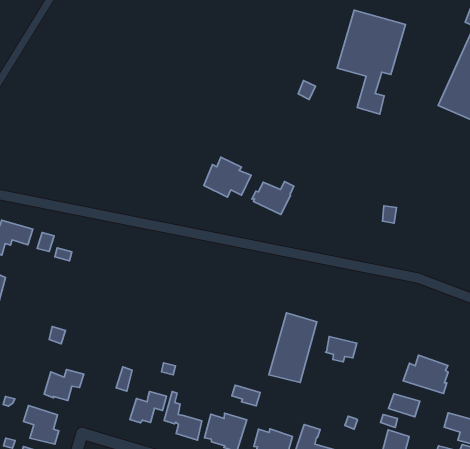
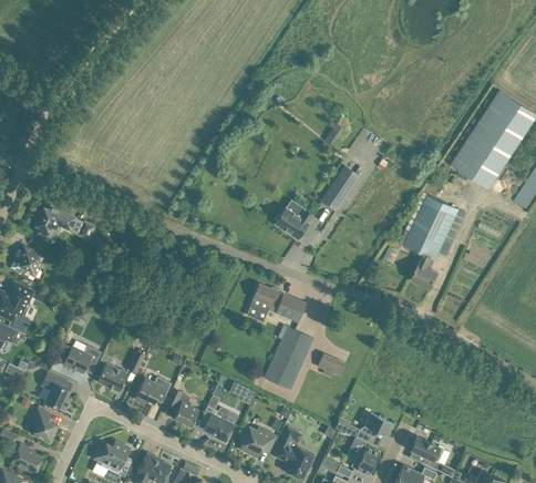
building: [337,10,406,114] -> [400,193,466,288]
building: none -> [321,165,359,209]
building: [204,157,251,197] -> none
building: none -> [249,282,306,321]
building: [403,355,448,394] -> none
building: none -> [97,362,127,390]

